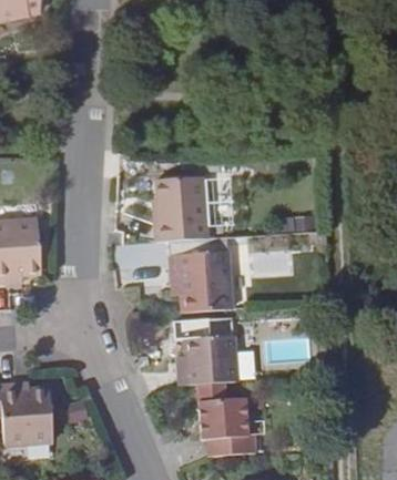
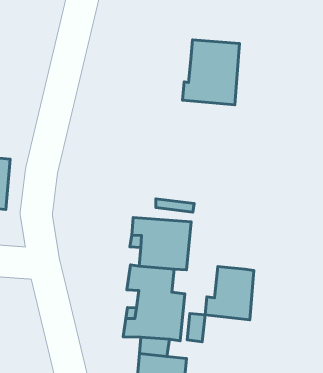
building: [155,177,210,243] -> [182,40,240,105]
building: none -> [205,267,254,320]

